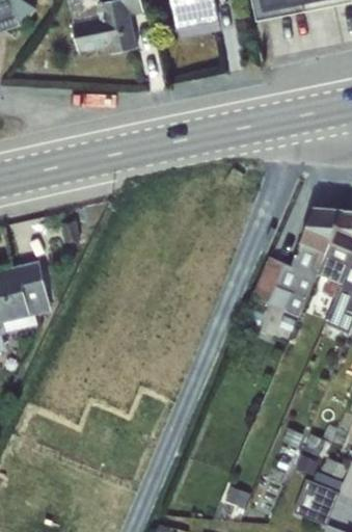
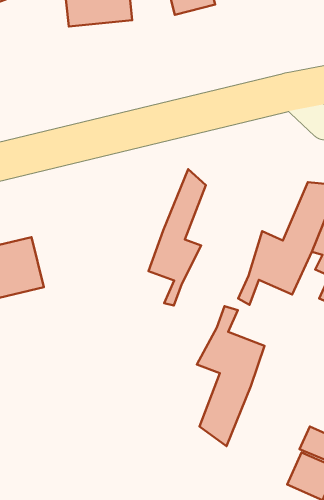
building: none -> [148,169,206,306]
building: none -> [197,306,265,446]

